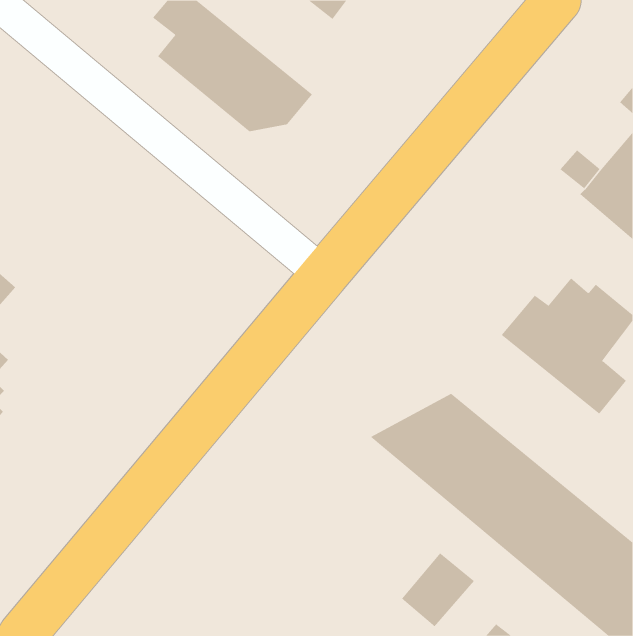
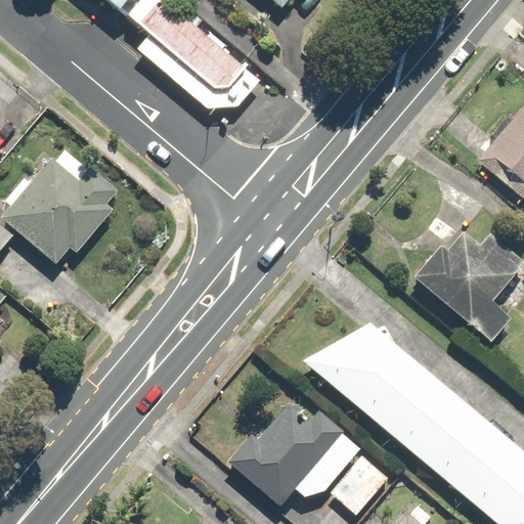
building: none -> [4,159,122,263]
building: none -> [228,395,361,509]

